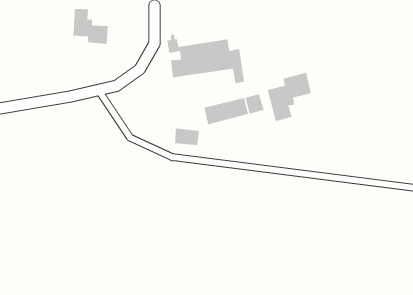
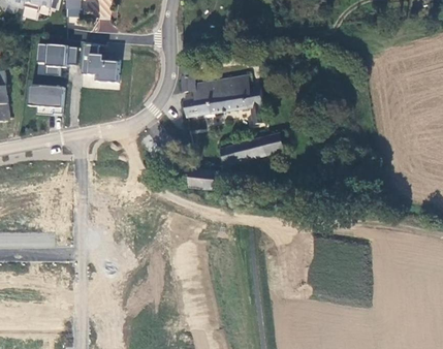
building: none -> [37,43,77,74]
building: none -> [29,84,64,116]
building: [267,72,312,122] -> none

